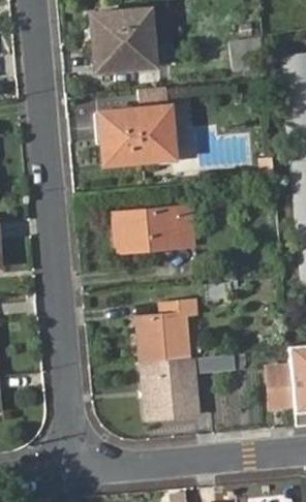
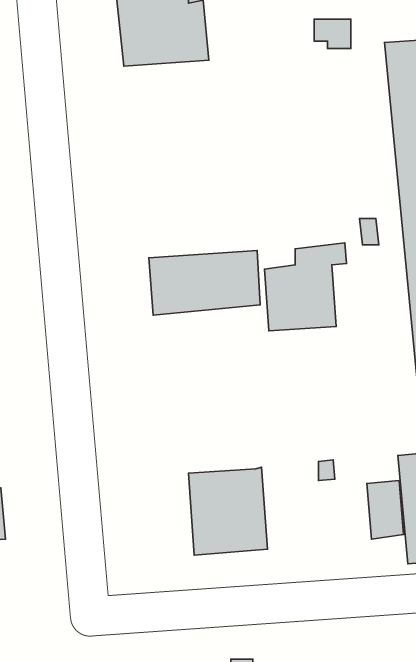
building: [100,105,174,162] -> none
building: [139,300,196,362] -> [264,243,346,331]

